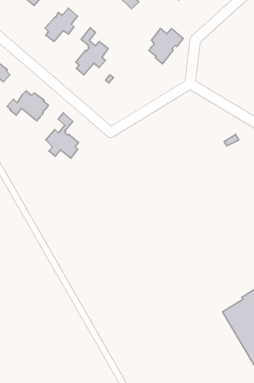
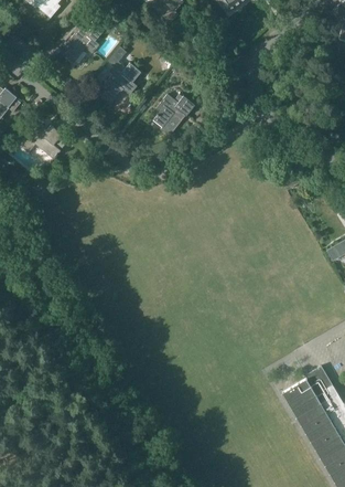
building: [149,29,183,64] -> [152,94,194,137]
building: [46,113,79,158] -> none

